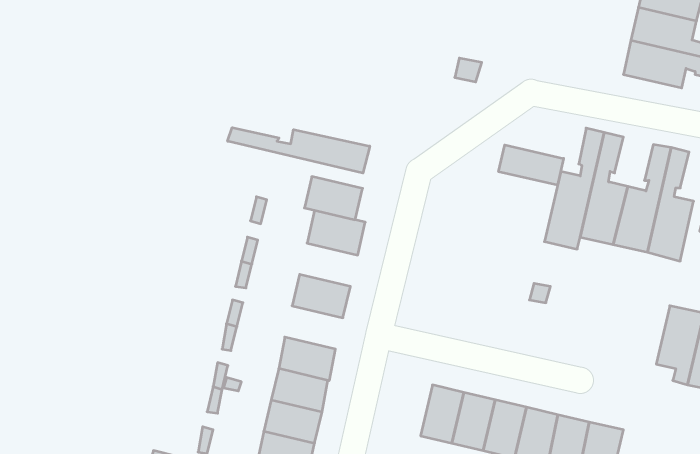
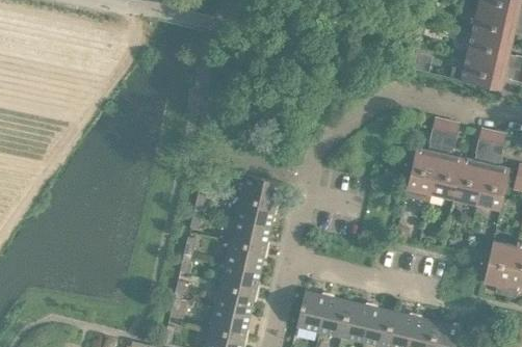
building: [228,128,370,173] -> none
building: [499,145,564,185] -> none
building: [304,177,363,220] -> [234,197,275,228]
building: none -> [224,241,264,271]
building: none -> [295,291,327,331]

